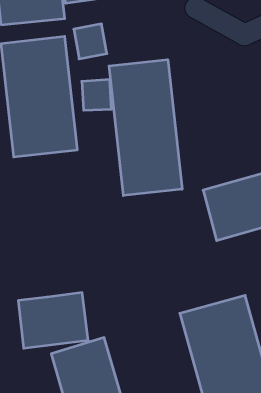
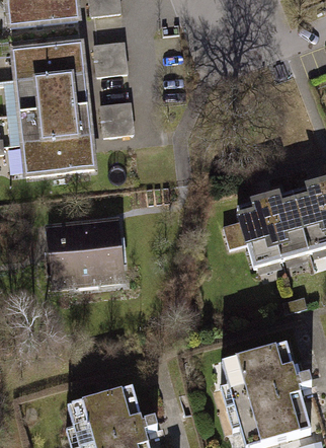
building: [109,60,182,196] -> none
building: [18,293,88,348] -> [50,230,129,293]

